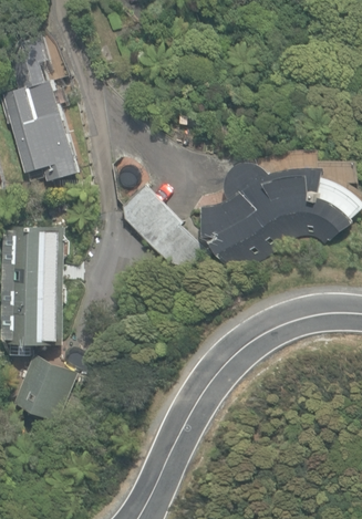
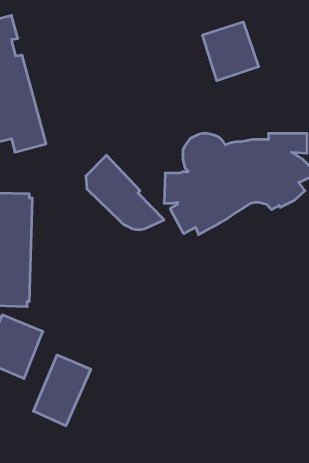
building: none -> [203,22,259,81]
building: none -> [33,355,91,426]

